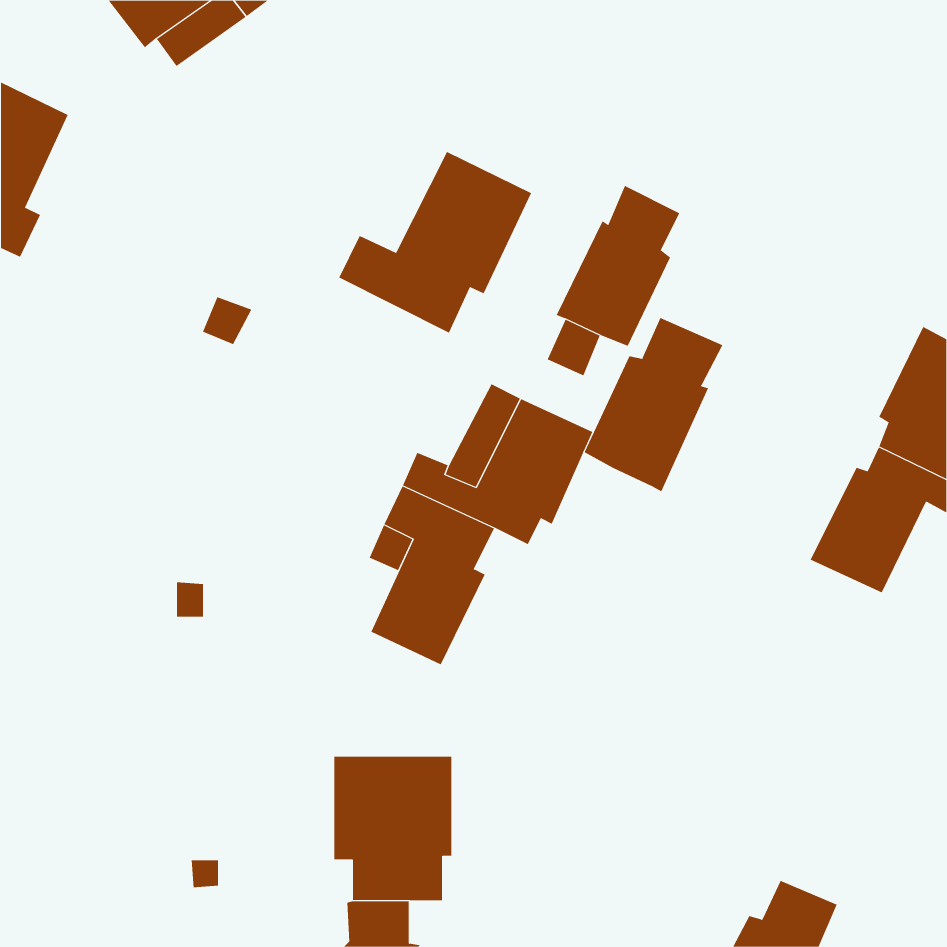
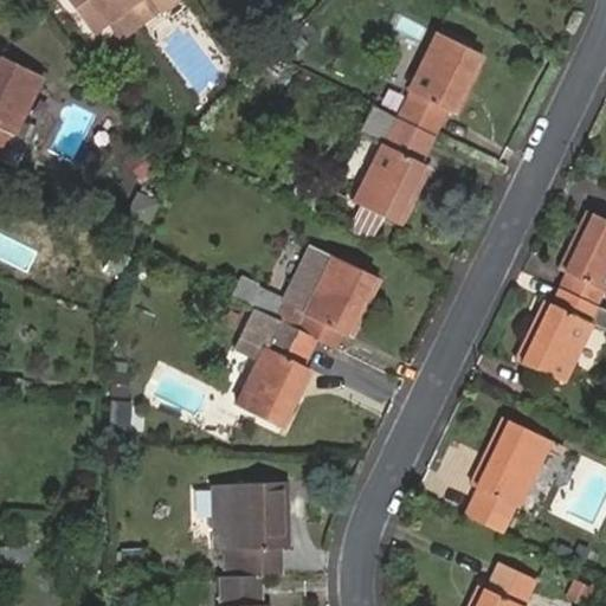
building: none -> [399,32,481,136]
building: [339,151,532,334] -> none
building: [584,317,723,492] -> none
building: none -> [465,418,550,531]

